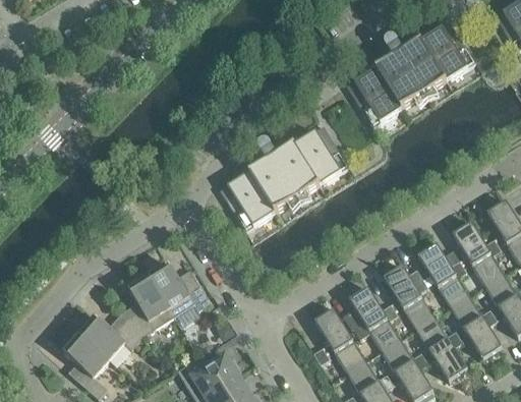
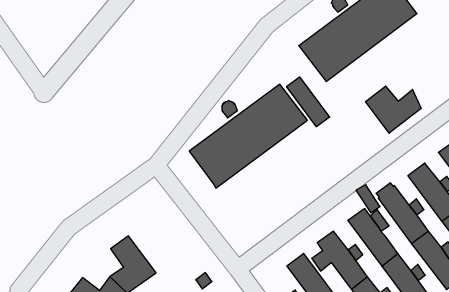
building: none -> [287,77,330,127]
building: none -> [366,86,421,133]
building: [148,261,211,315] -> none

